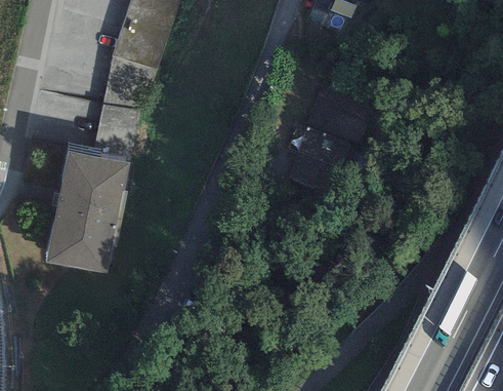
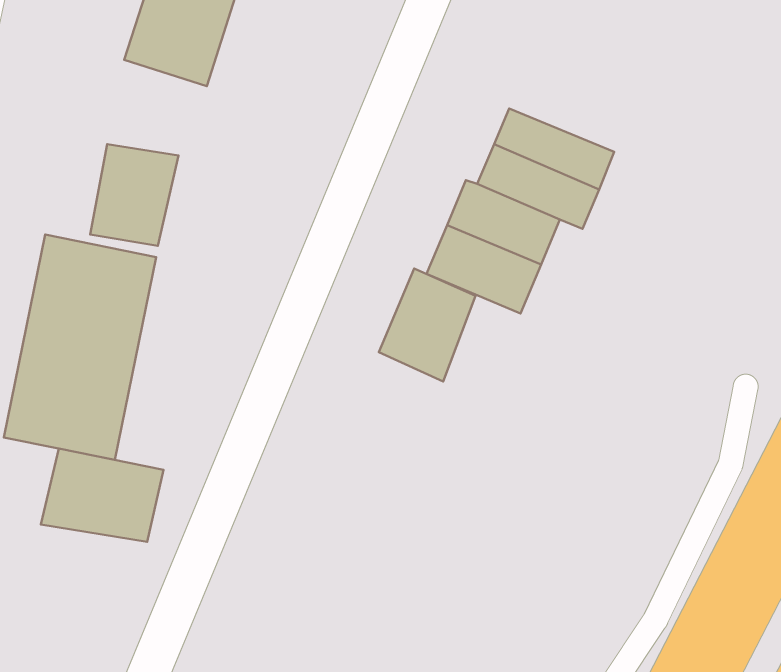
building: [103,53,158,106] -> none
building: none -> [379,268,475,382]
building: none -> [41,449,164,542]

